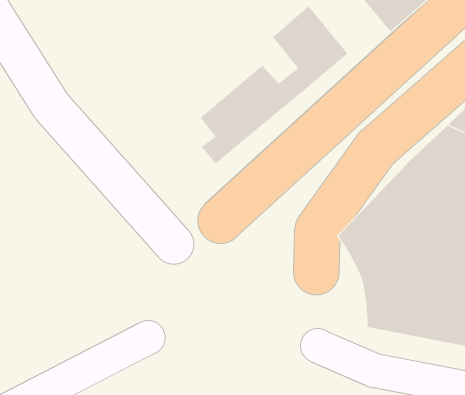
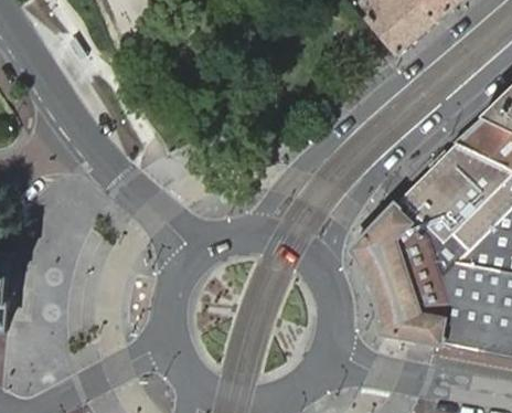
building: [200,5,348,164] -> none

